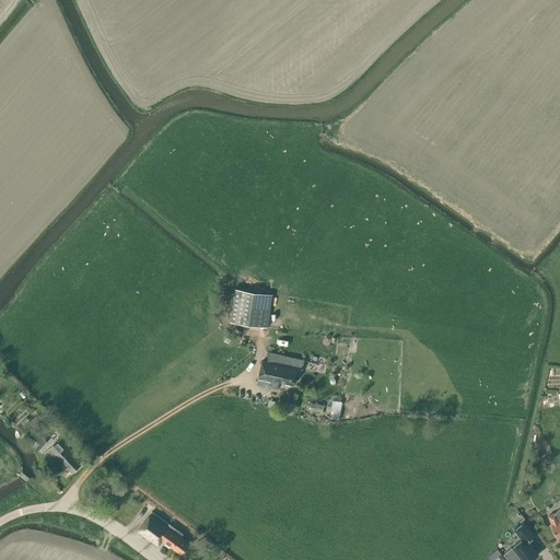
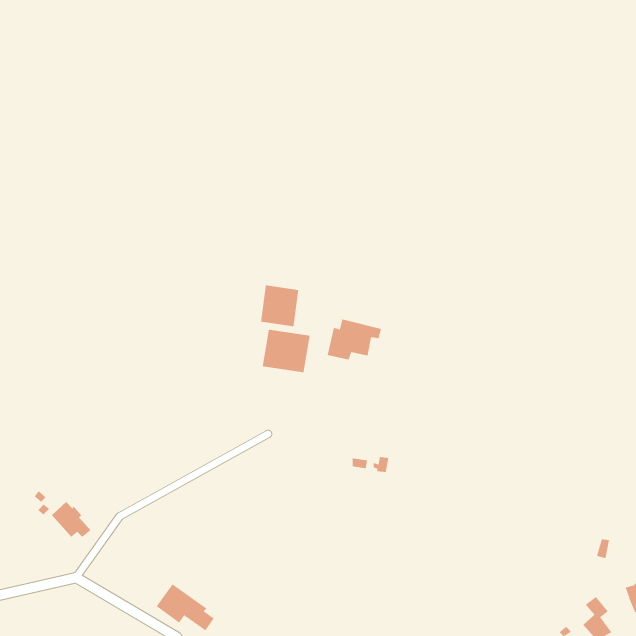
building: none -> [260,285,299,327]
building: [256,353,304,389] -> [327,319,382,360]

